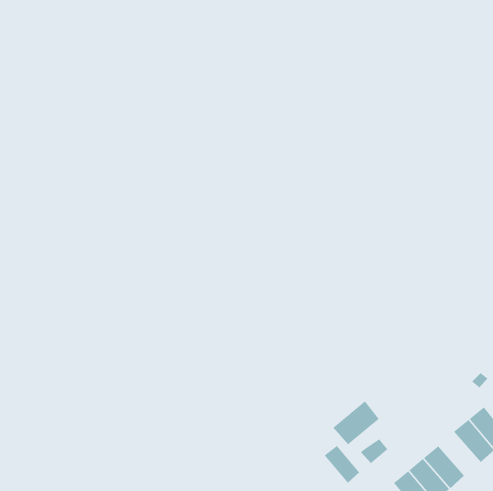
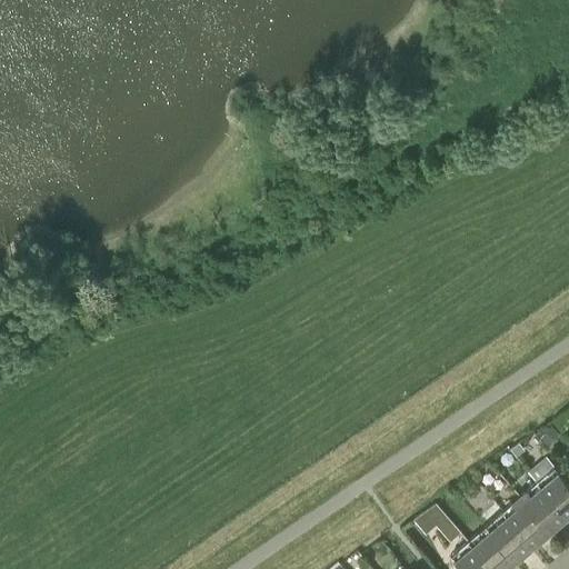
building: [332,401,379,445] -> none
building: none -> [506,500,553,550]
building: [324,445,360,484] -> none

